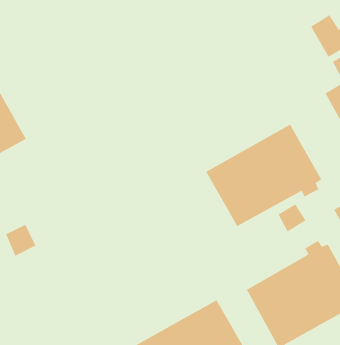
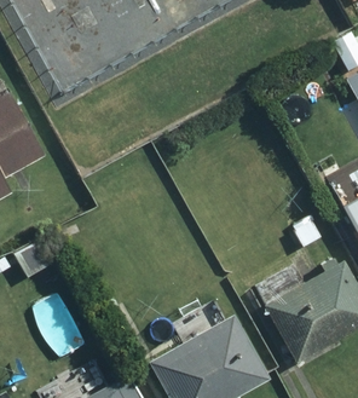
building: [205,124,322,227] -> none

